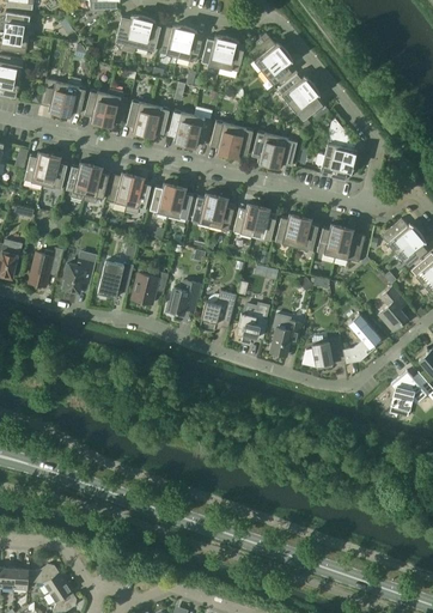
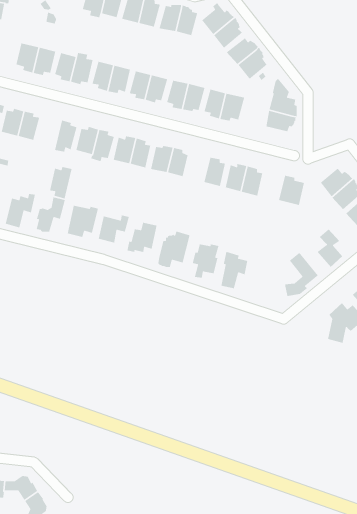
building: [66,163,92,200] -> [49,166,73,199]
building: [233,204,258,236] -> none
building: [317,224,342,256] -> none
building: [303,339,337,368] -> none

